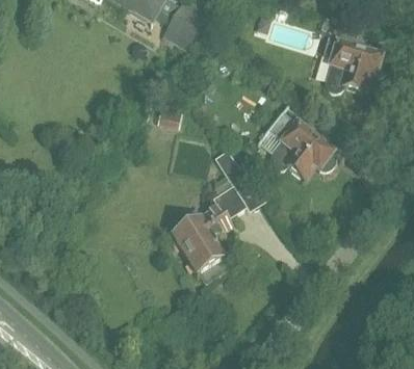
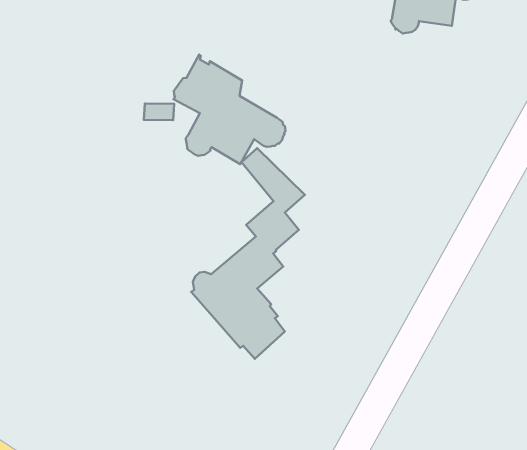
building: [266,102,335,176] -> [173,55,286,164]

